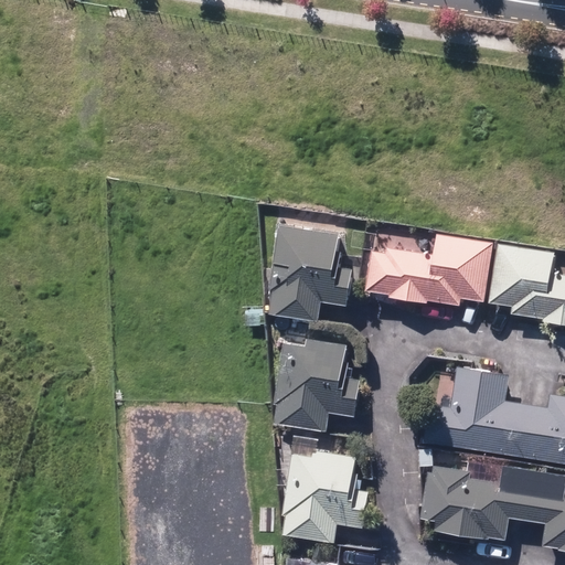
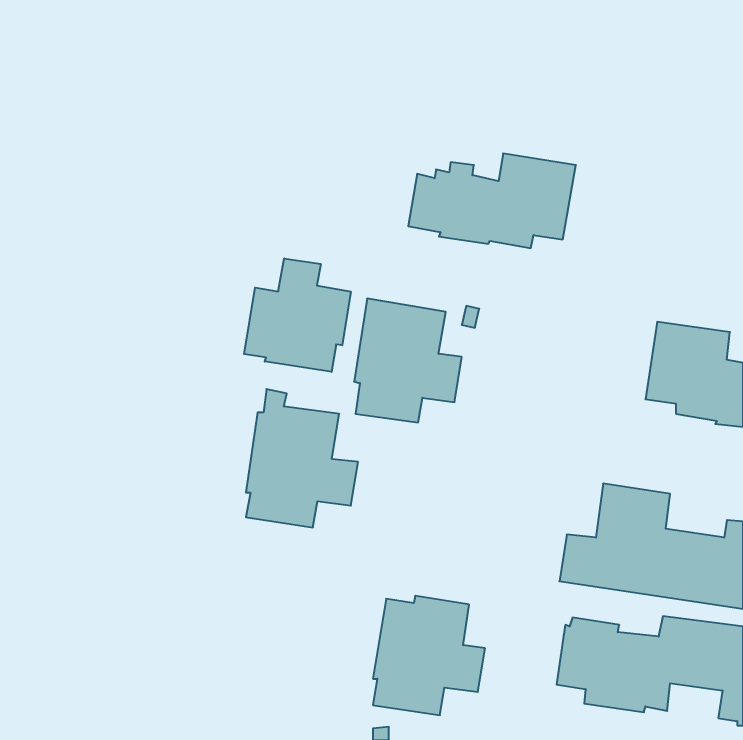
building: none -> [244,258,351,372]
building: [365,234,492,306] -> [408,153,576,248]
building: [275,326,360,430] -> [246,389,358,527]

